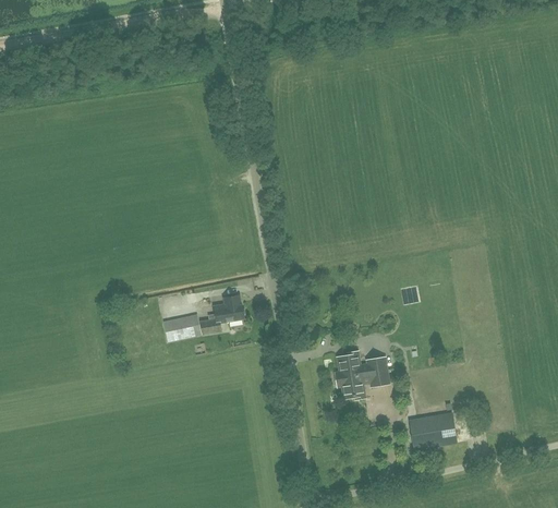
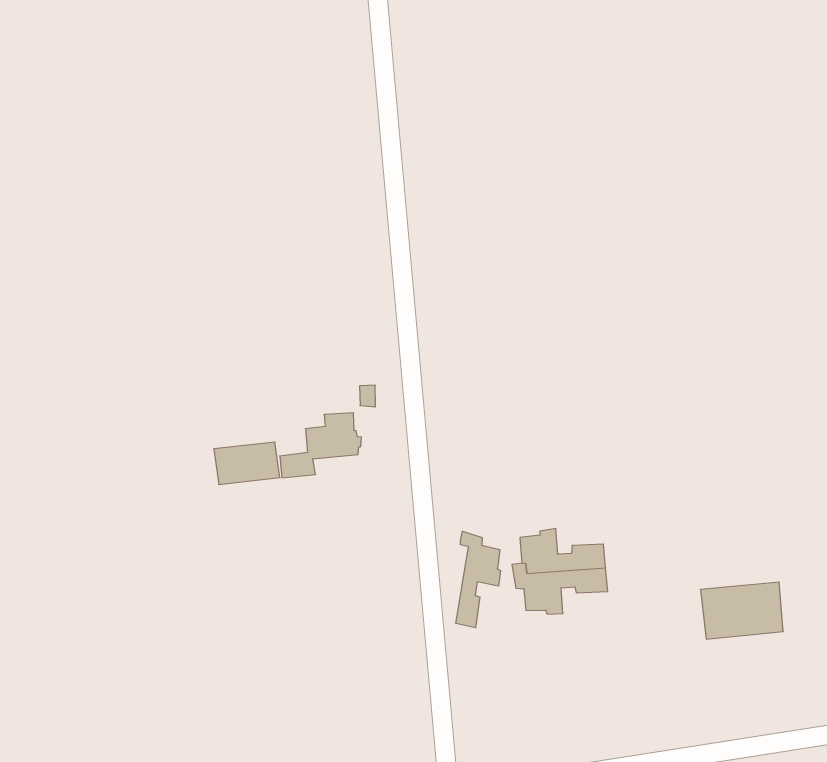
building: none -> [456,531,501,628]
building: [408,413,456,448] -> [700,582,783,639]

